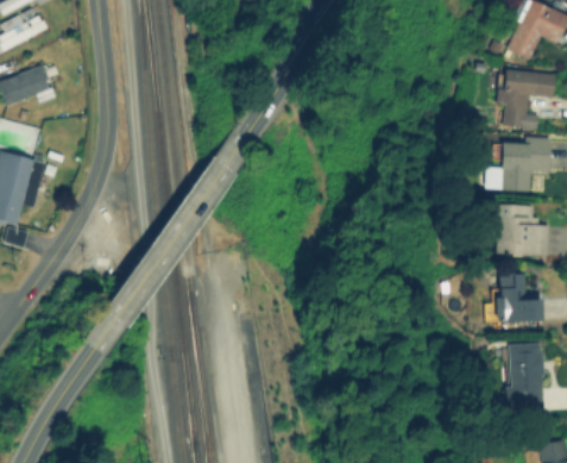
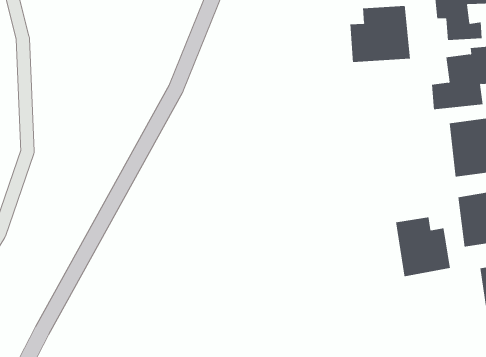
building: none -> [350,5,410,63]
building: none -> [395,216,450,277]

